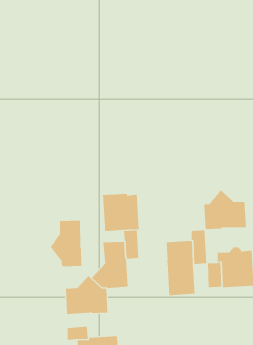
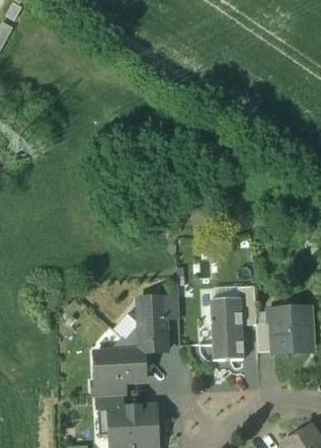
building: [204,189,246,230] -> none
building: [103,193,139,232] -> none
building: [50,220,82,267] -> none
building: none -> [92,380,126,397]

